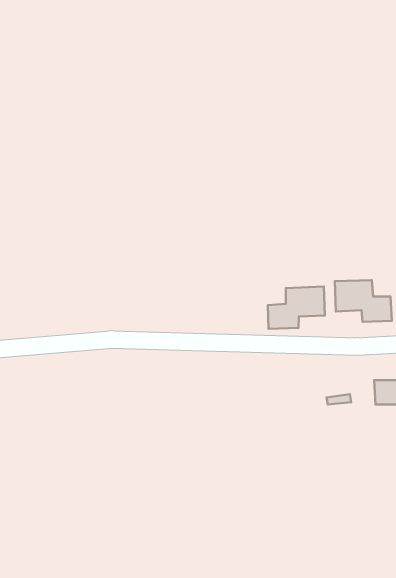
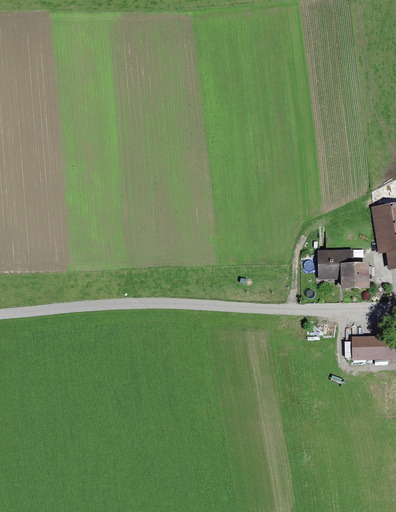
building: [268,286,325,329] -> none

